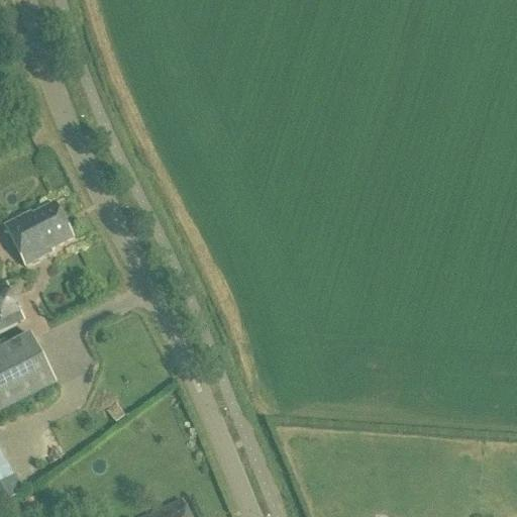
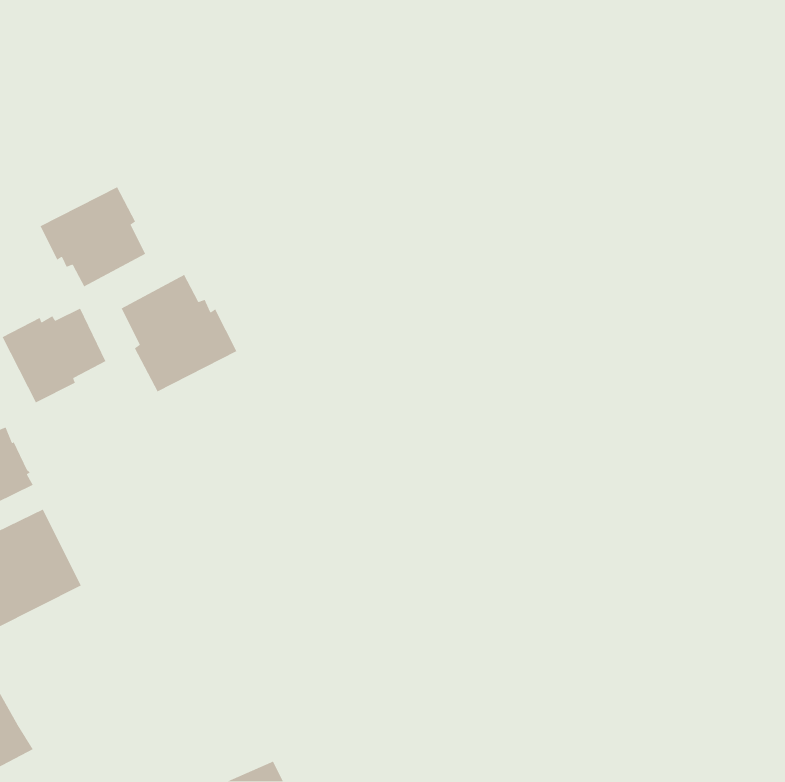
building: none -> [39,186,146,287]
building: none -> [121,274,237,392]

